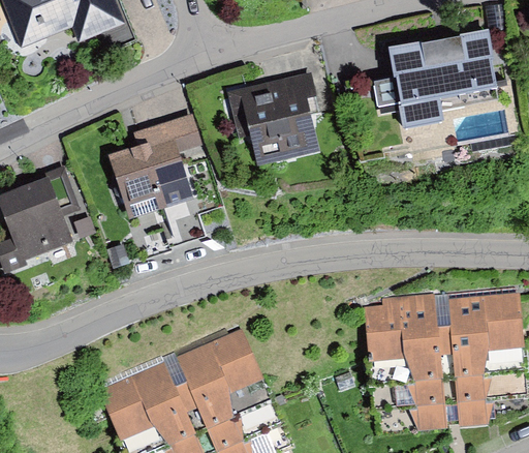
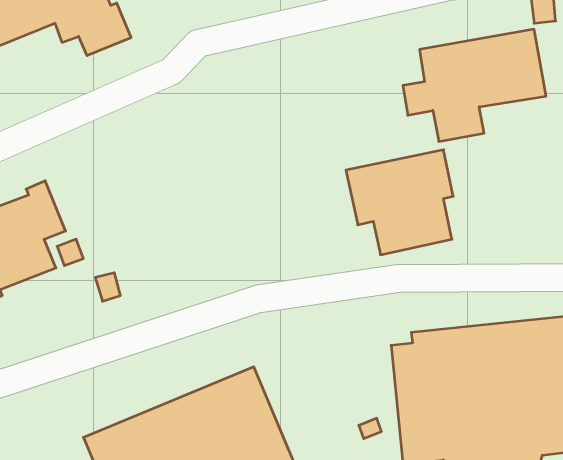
building: [226,72,319,163] -> [346,150,453,255]
building: [108,113,203,218] -> none

